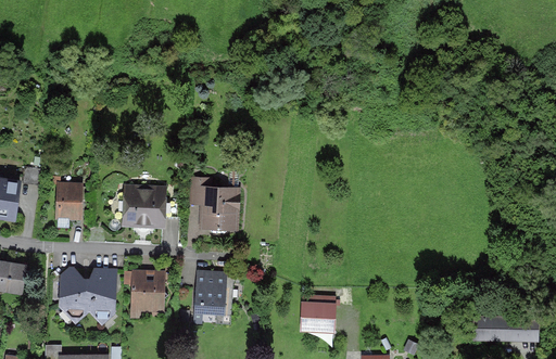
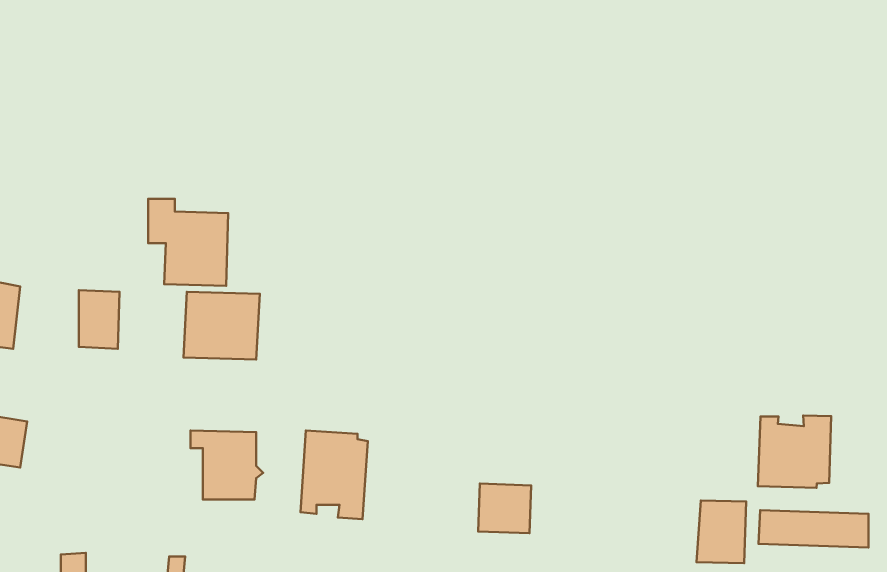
building: [190,178,239,231] -> [148,199,228,286]
building: none -> [758,415,831,488]
building: [60,268,116,324] -> none
building: none -> [697,501,746,563]

